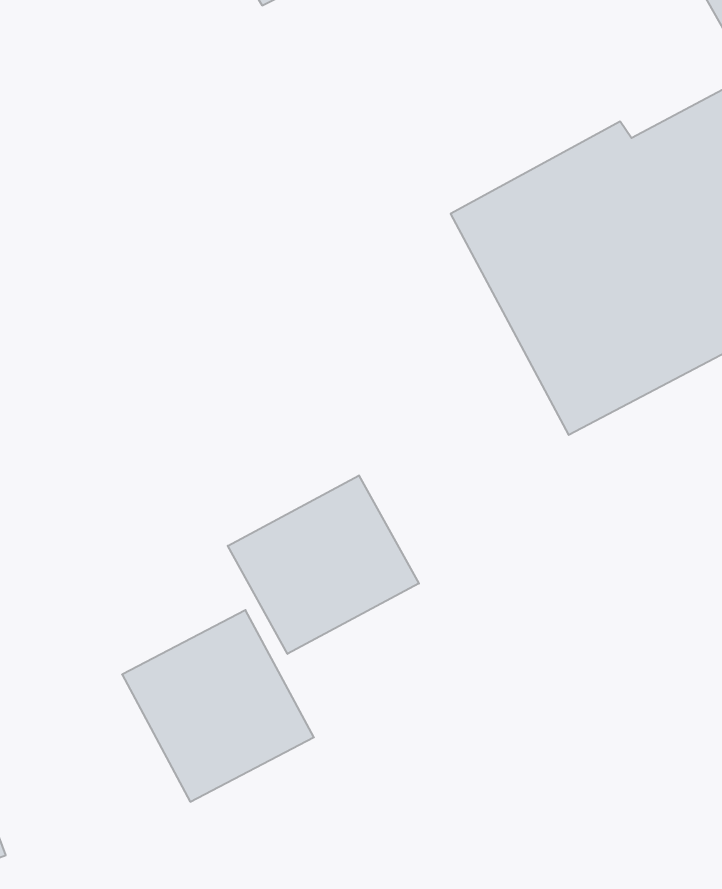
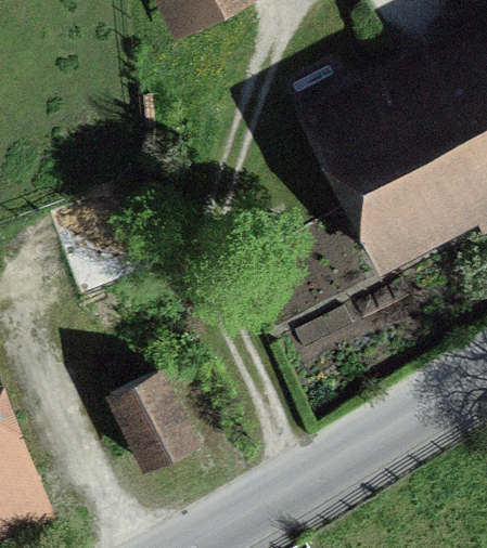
building: [228,475,419,654] -> none

